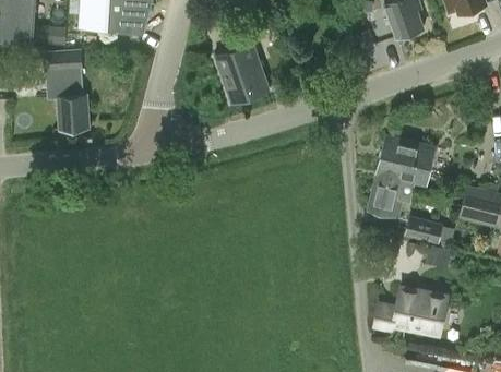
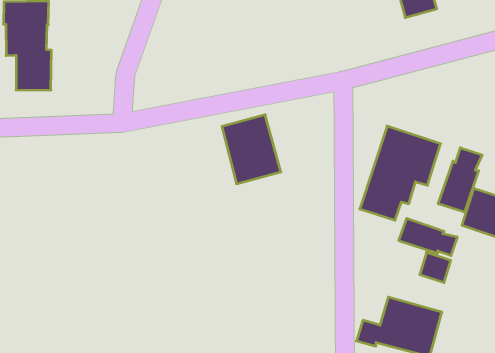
building: [214,41,269,104] -> [222,115,281,184]
building: none -> [438,148,482,212]

